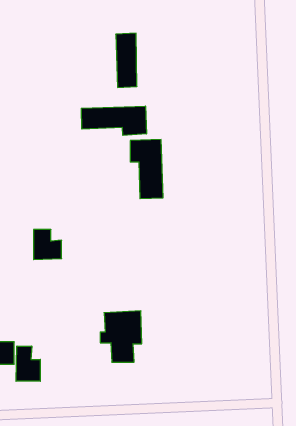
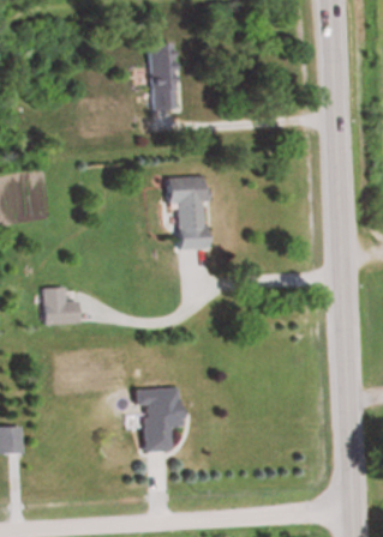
building: [81,106,146,135] -> none
building: [16,346,40,381] -> none

